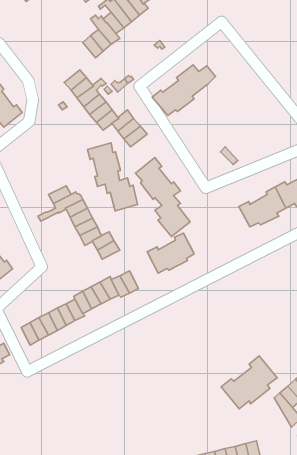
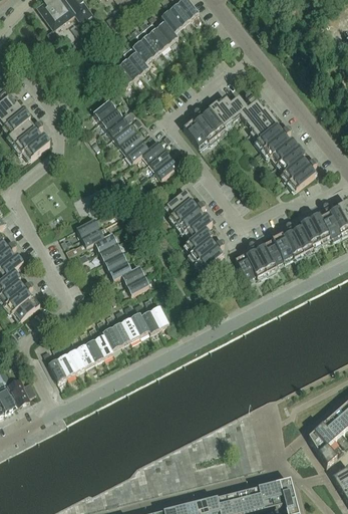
building: none -> [240,97,315,189]
building: [87,143,137,211] -> none
building: [147,233,194,273] -> [235,239,283,280]
building: [221,356,277,409] -> none

